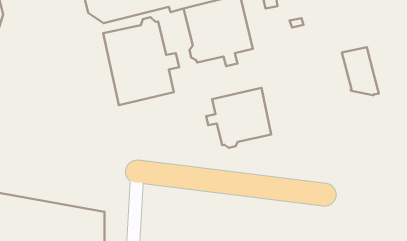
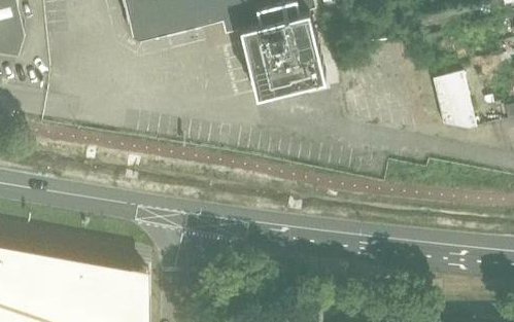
building: [103,17,179,105] -> none
building: [206,88,271,148] -> none

